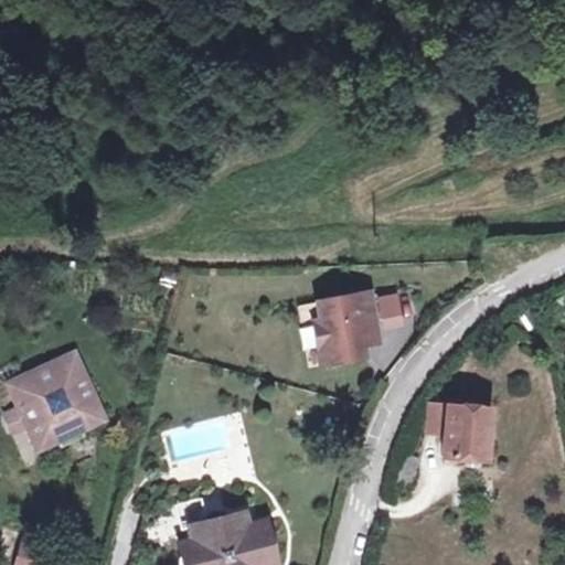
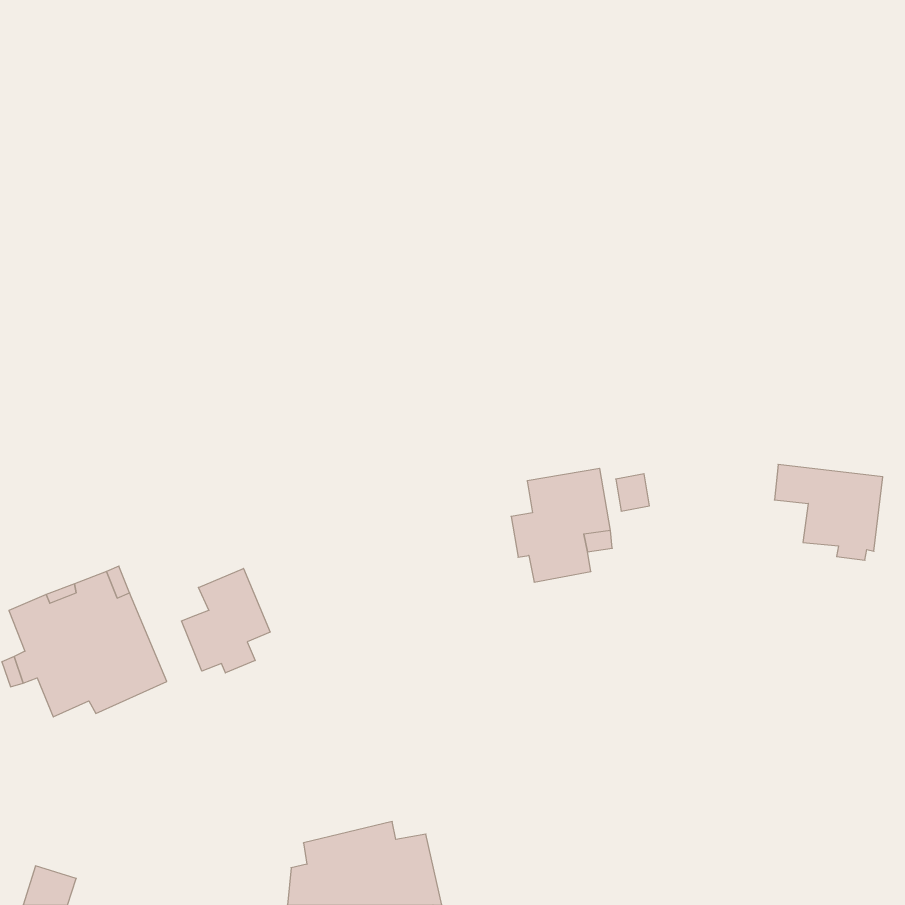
building: none -> [182,568,270,673]
building: [427,407,494,467] -> [774,464,883,560]

